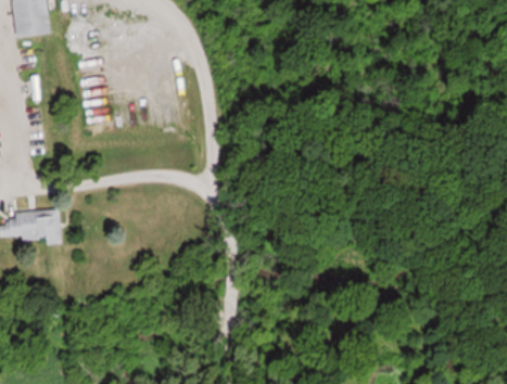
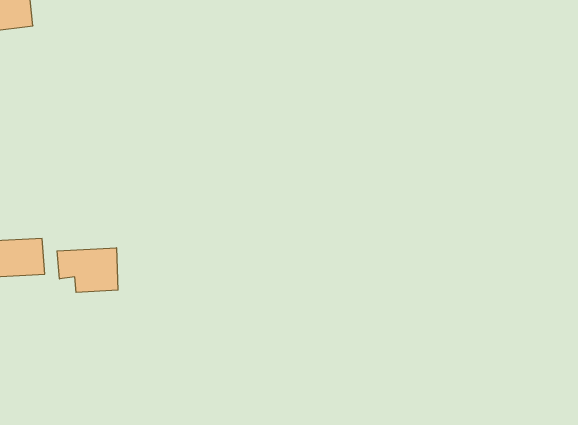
building: none -> [57,248,118,292]

